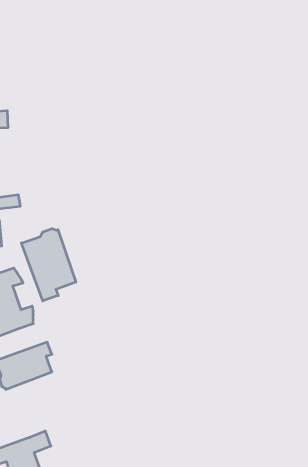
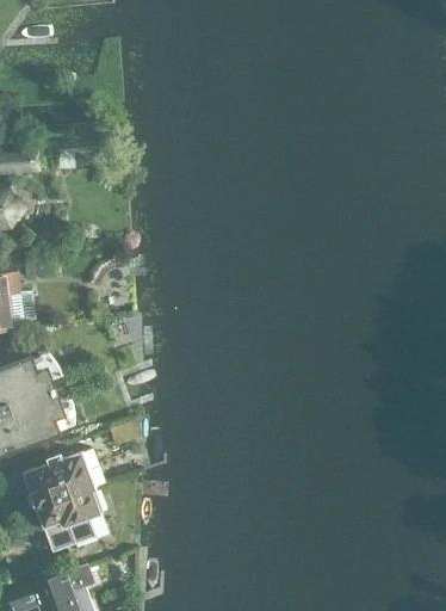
building: [21,229,76,301] -> none
building: none -> [35,487,100,550]

